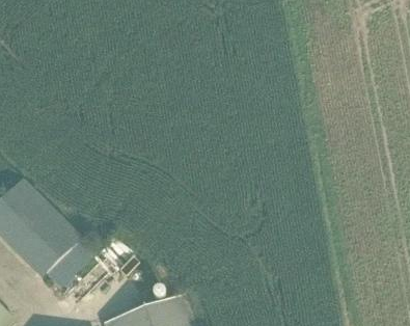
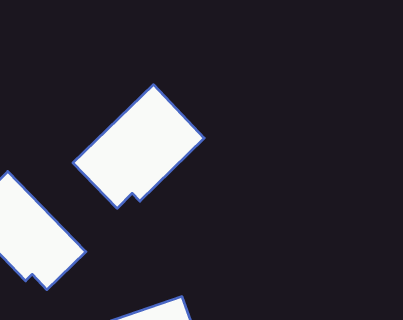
building: none -> [73,85,204,208]

